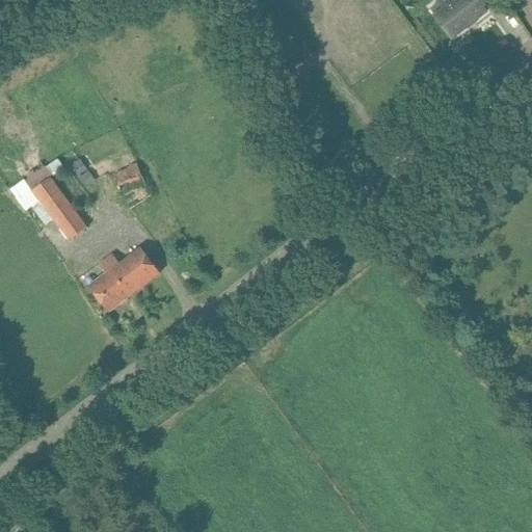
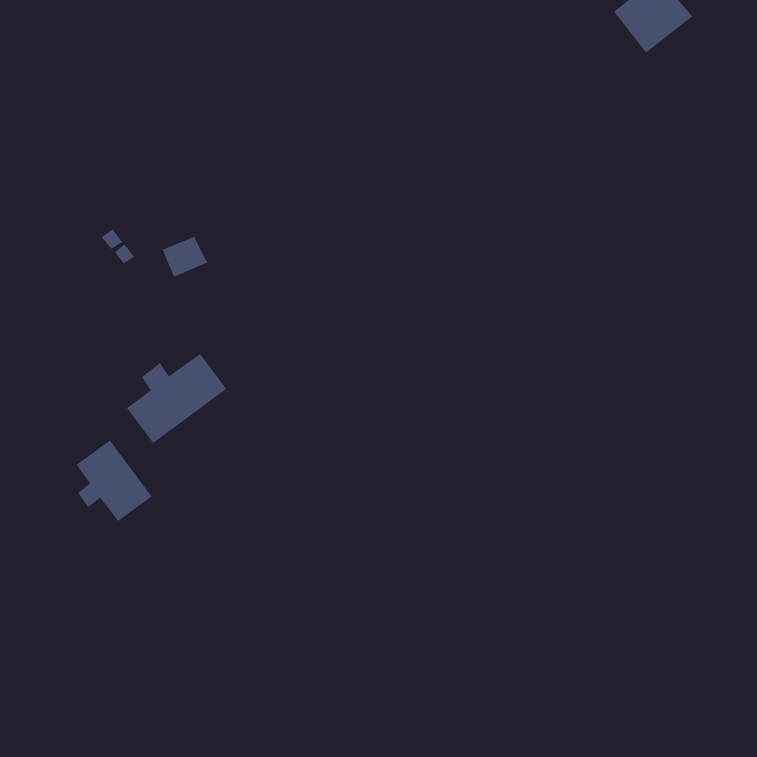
building: [31,177,86,240] -> none
building: none -> [76,440,152,522]

